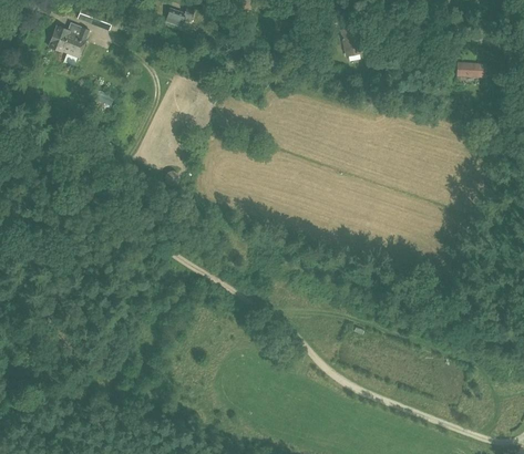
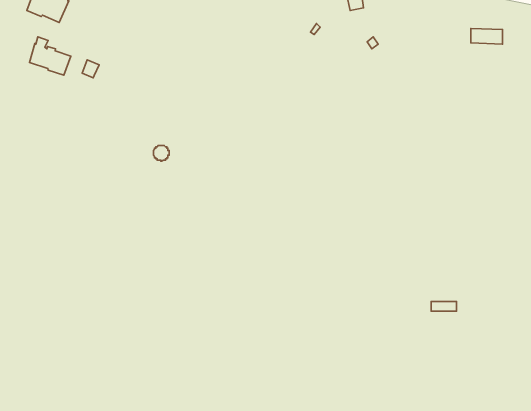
building: none -> [29,37,71,75]

